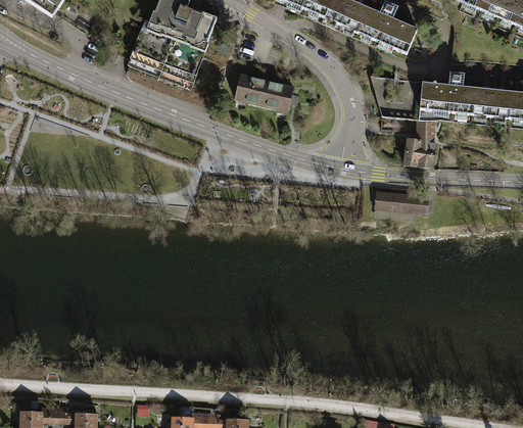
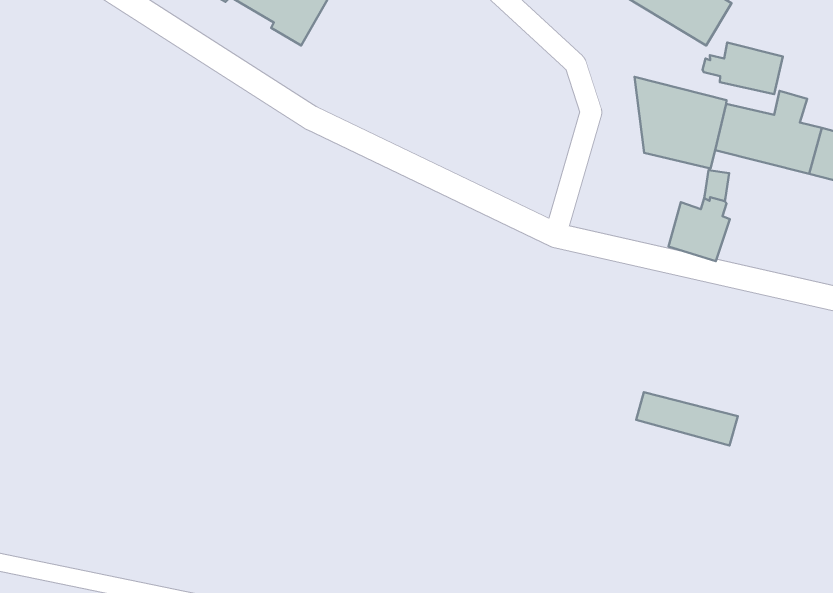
building: none -> [702,42,783,94]
building: [237,75,295,109] -> none
building: [376,191,430,212] -> [636,392,738,445]

